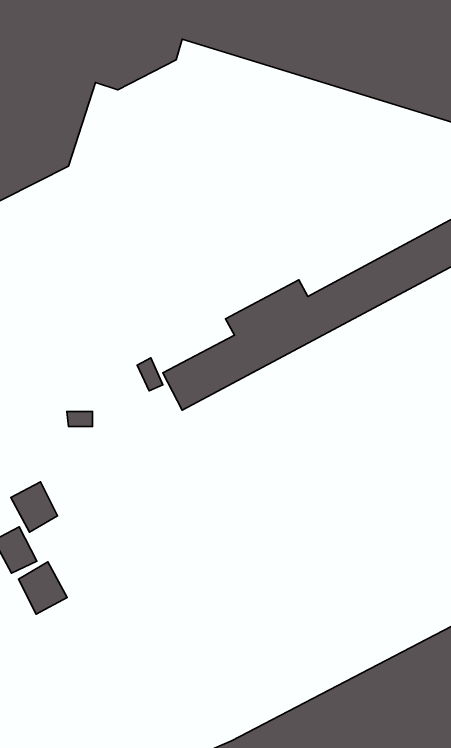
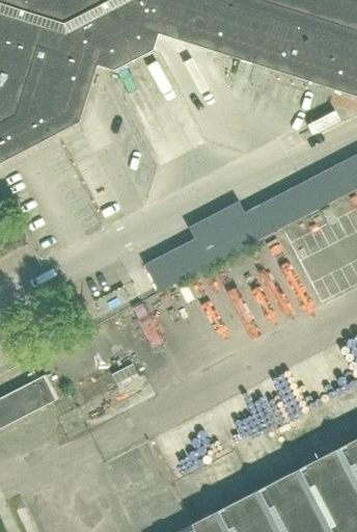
building: [11,482,58,532] -> none
building: [18,562,67,614] -> none

